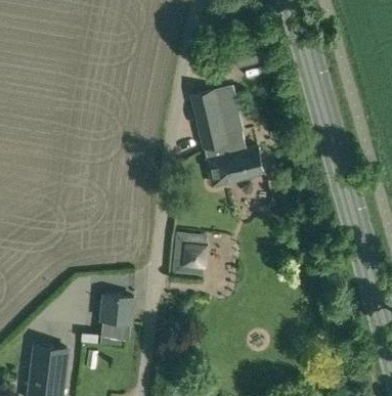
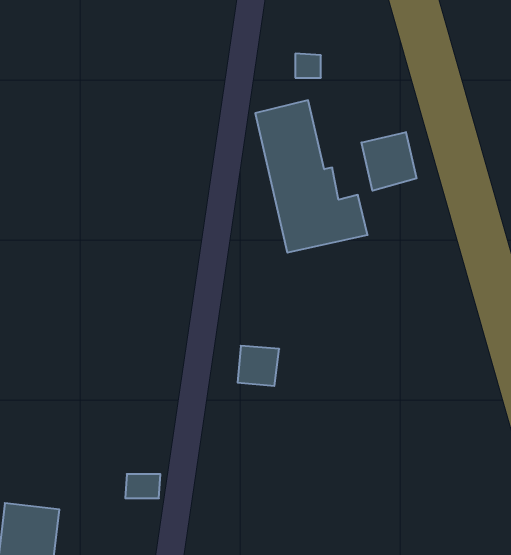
building: none -> [361,132,417,191]
building: [100,295,134,322] -> none

